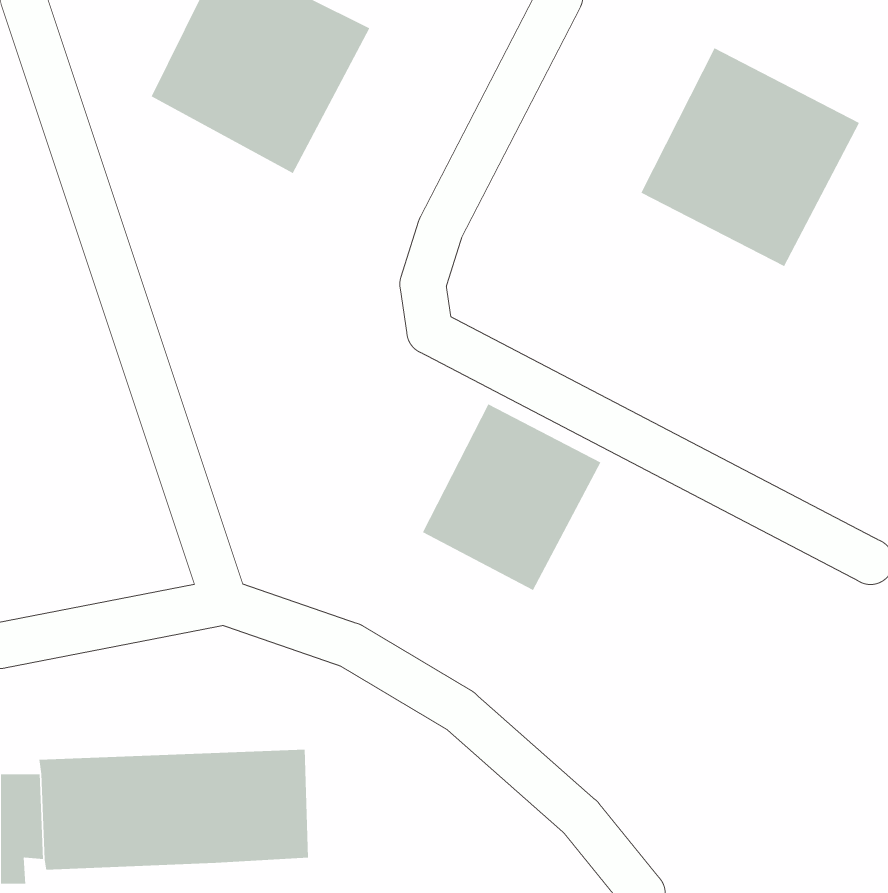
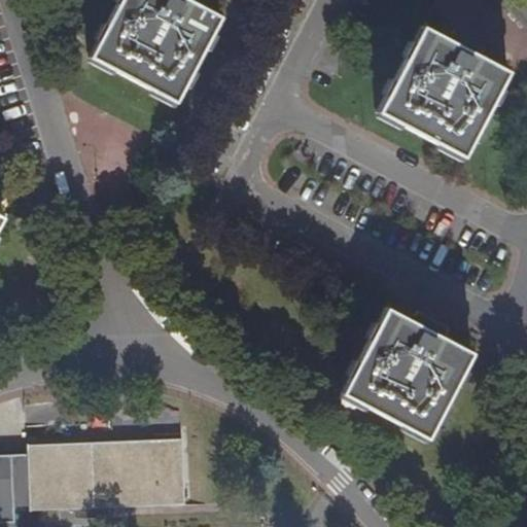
building: [422,404,601,591] -> none
building: none -> [344,308,472,437]

